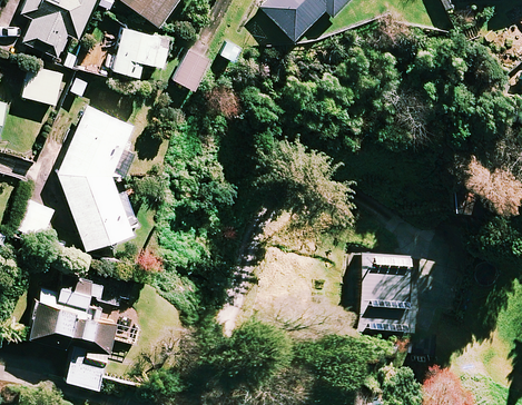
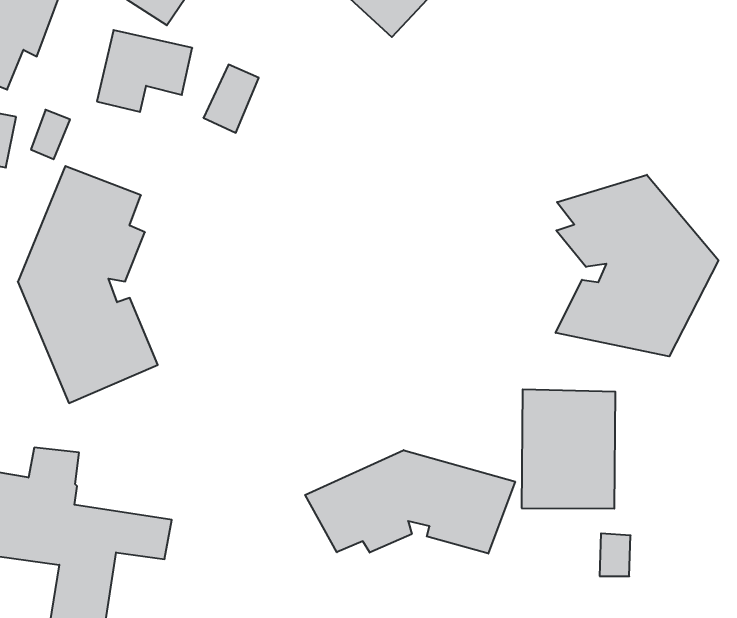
building: none -> [556,175,718,356]
building: none -> [305,450,515,554]

